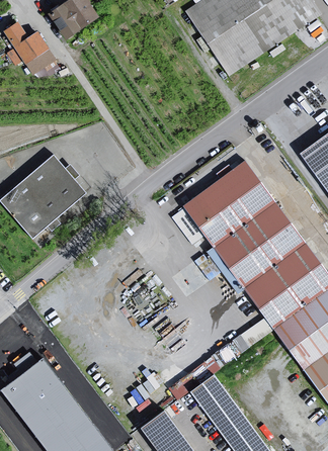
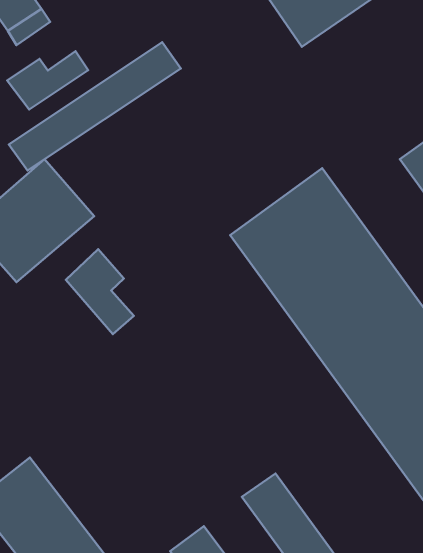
building: none -> [9,42,181,171]
building: none -> [7,51,88,110]
building: none -> [66,249,134,334]

